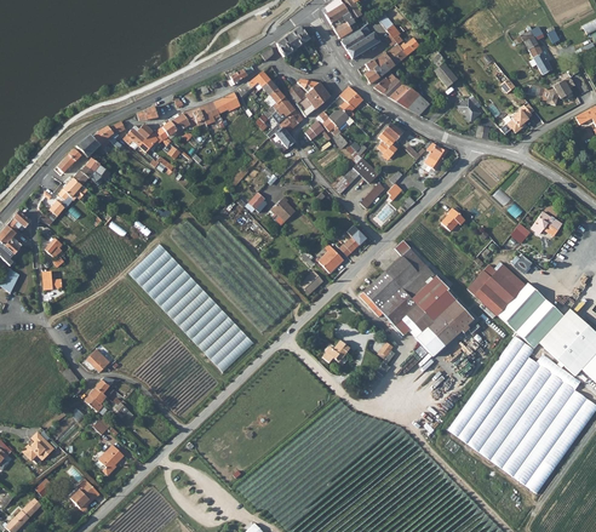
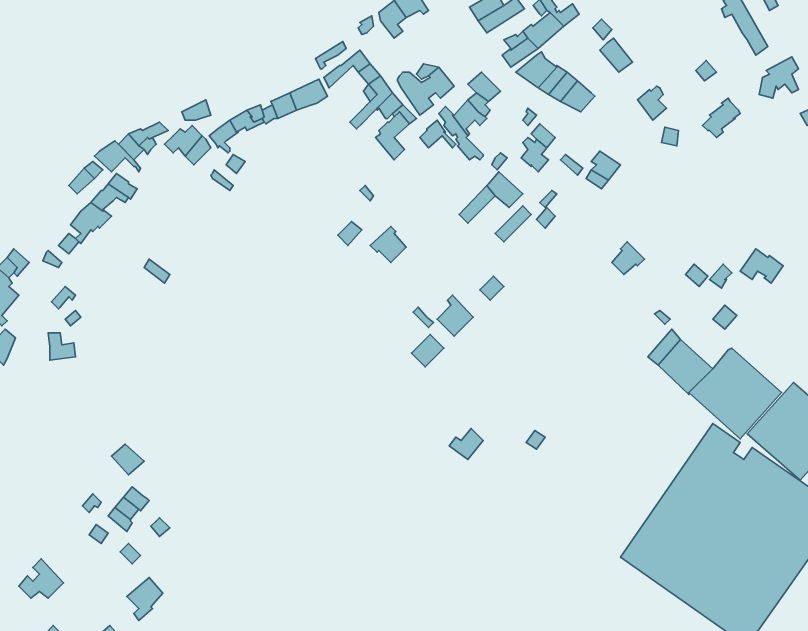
building: [360,239,472,354] -> none
building: [128,242,252,371] -> none
building: [489,263,523,297] -> none

